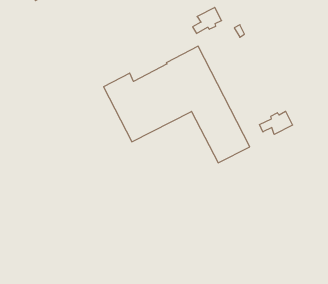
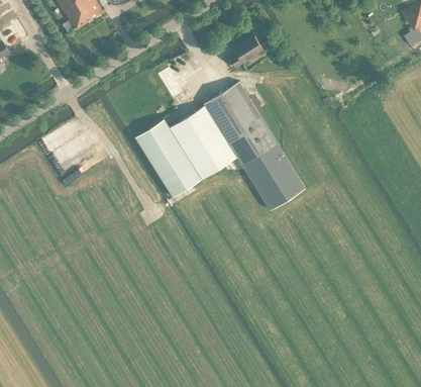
building: [260,111,293,134] -> none

